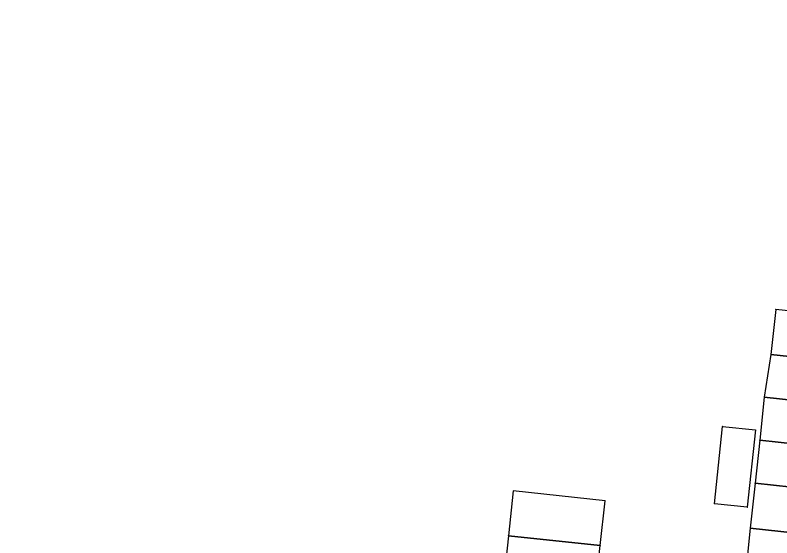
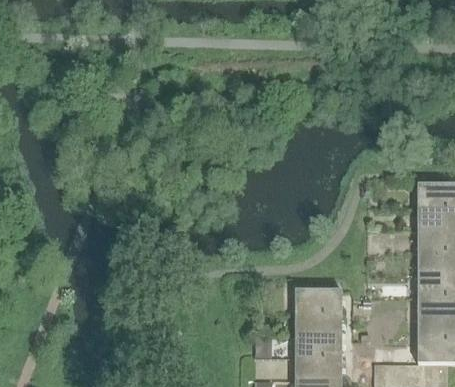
building: [714,426,755,507] -> none

